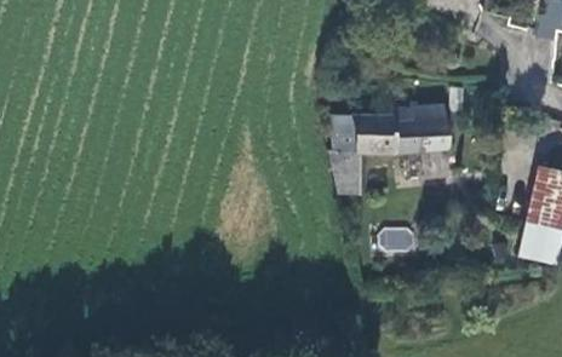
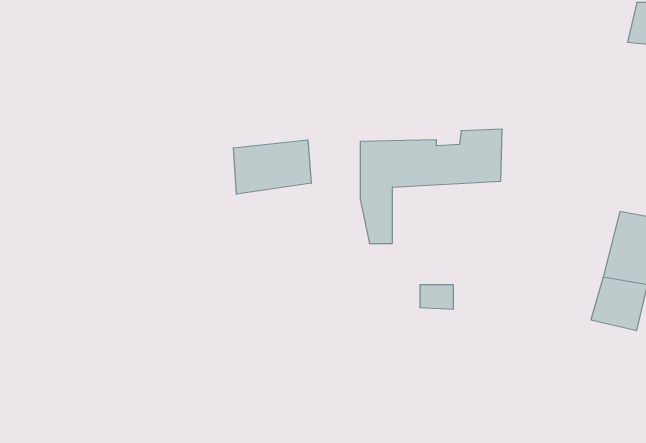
building: none -> [233,140,311,194]

